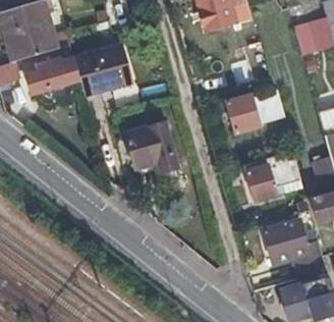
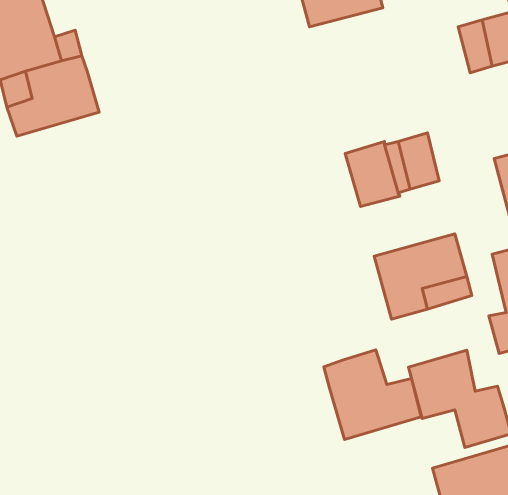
building: [72,40,127,90] -> none
building: [123,120,176,170] -> none
building: none -> [324,350,421,439]

